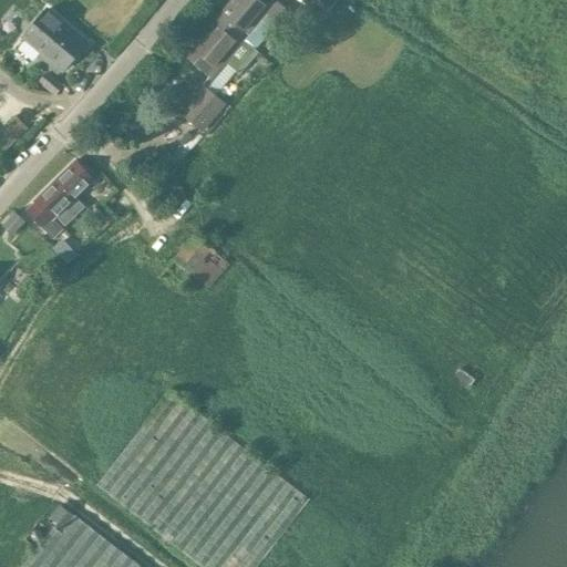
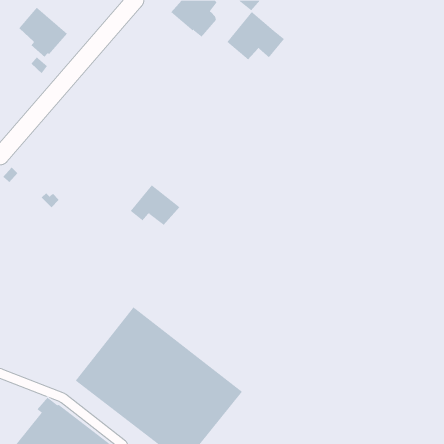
building: [186,17,260,79] -> [226,11,285,60]
building: [182,87,226,132] -> none
building: [28,162,94,238] -> none

